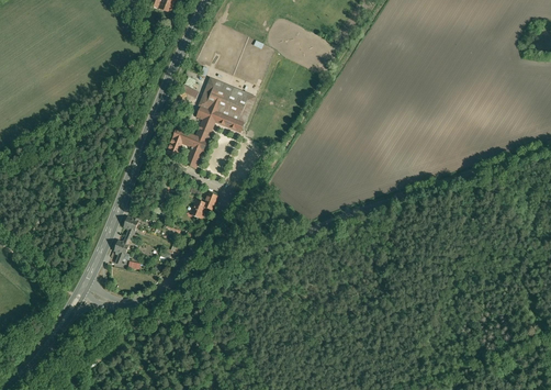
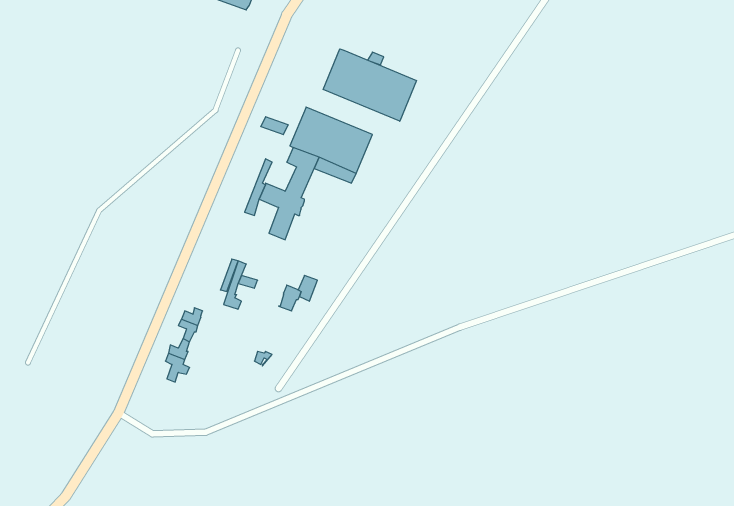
building: none -> [323,49,417,121]

